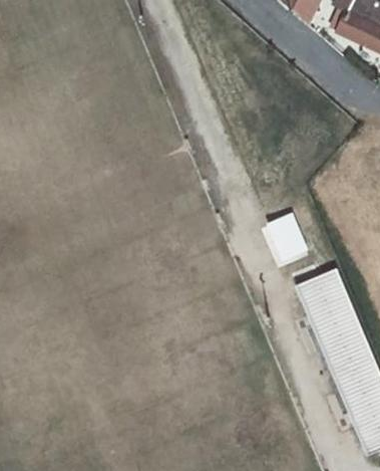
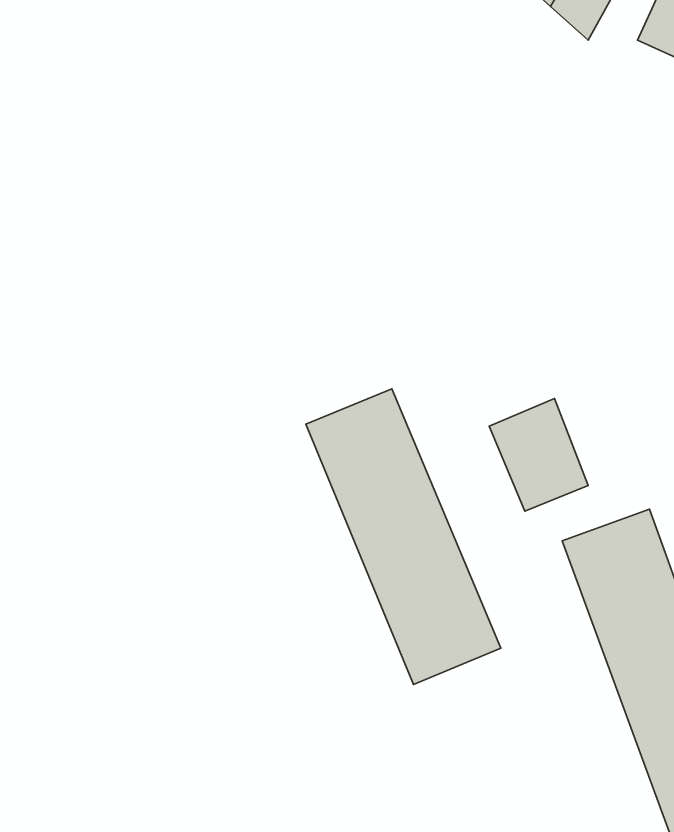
building: none -> [306,389,501,685]

